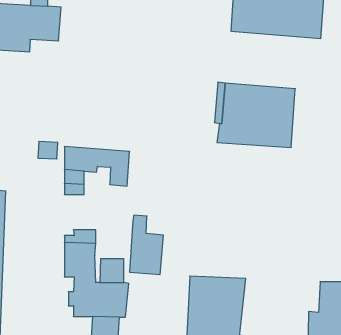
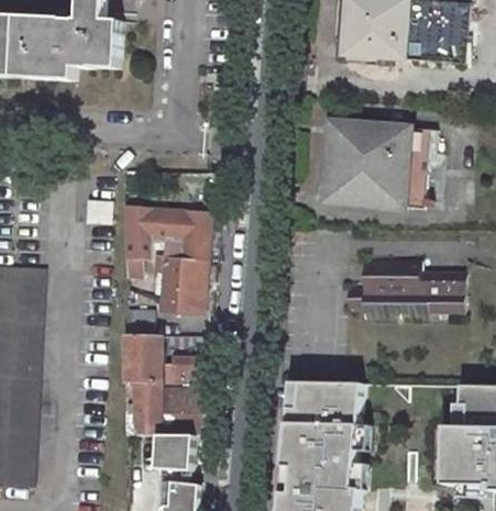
building: none -> [346,259,466,320]
building: [130,215,163,275] -> [159,233,205,312]

